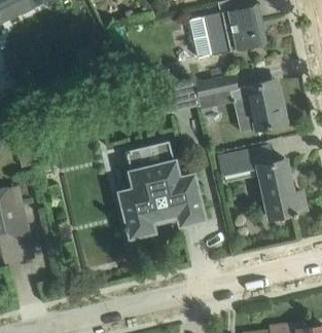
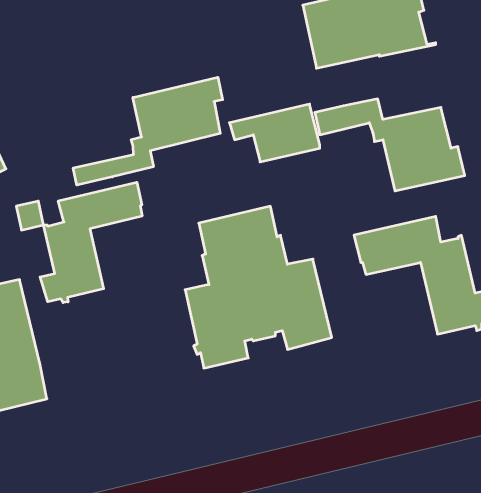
building: none -> [73,77,223,185]
building: none -> [40,182,142,303]

